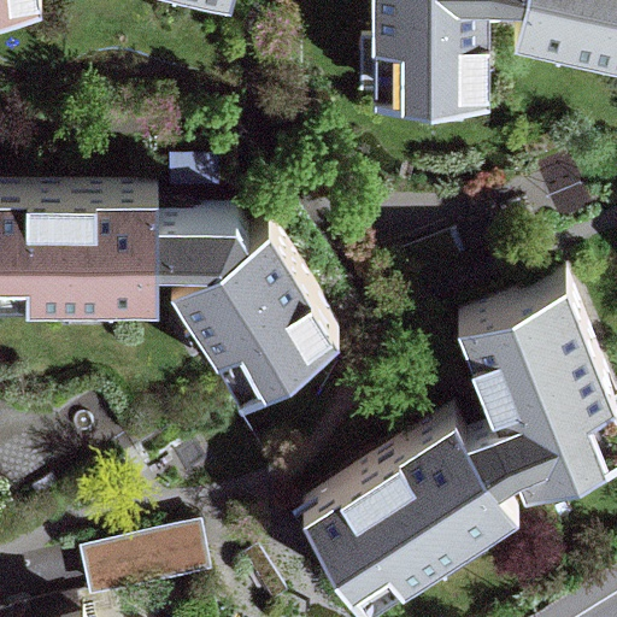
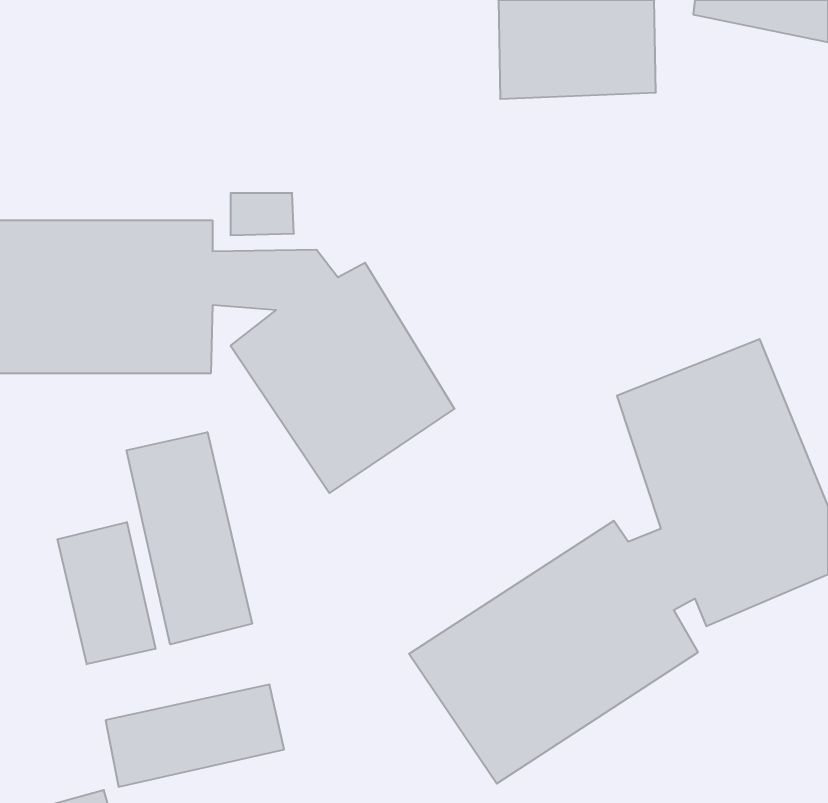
building: none -> [127,432,252,644]
building: none -> [57,522,155,664]

